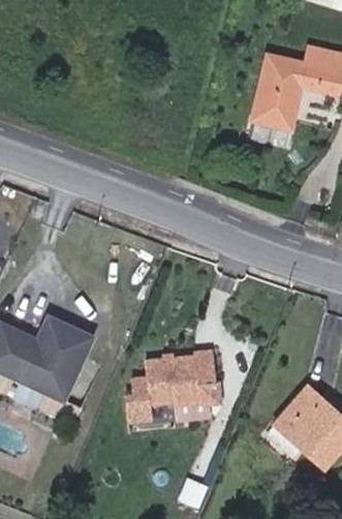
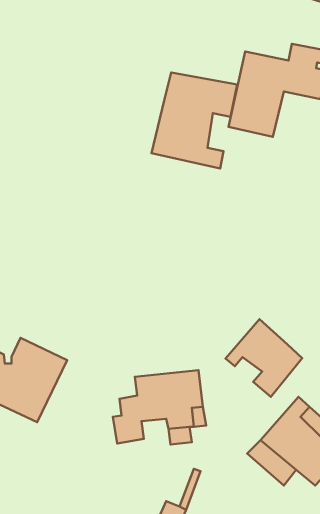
building: none -> [152,73,237,168]
building: none -> [225,319,302,397]

